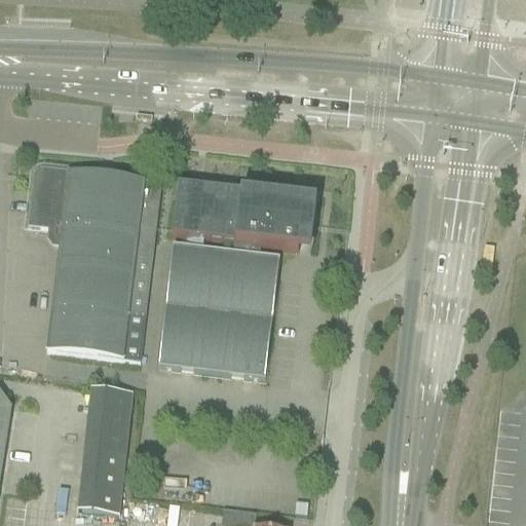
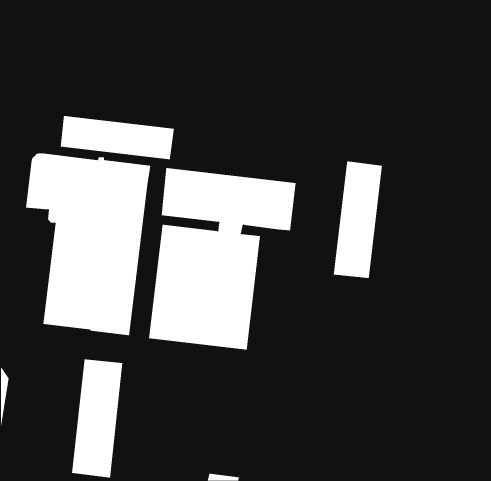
building: none -> [60,115,174,160]
building: none -> [333,161,382,279]

